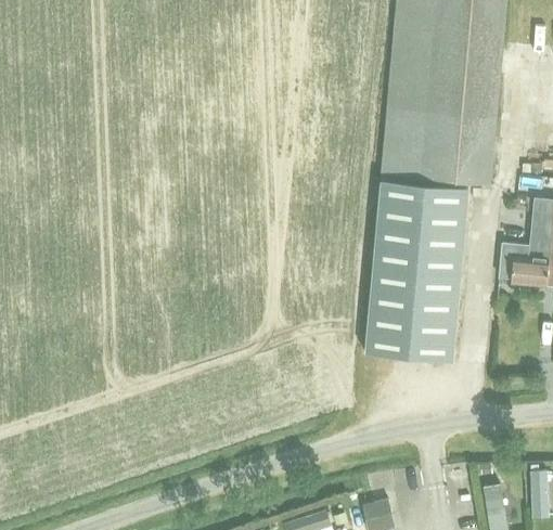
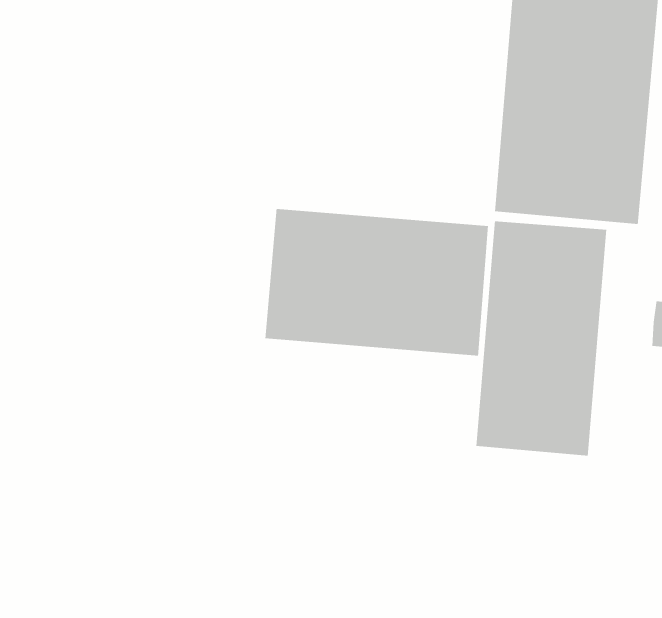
building: none -> [264,208,489,356]

